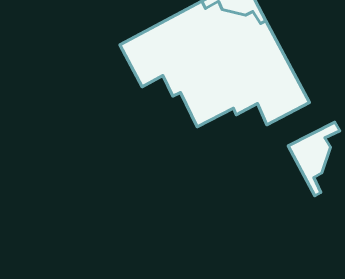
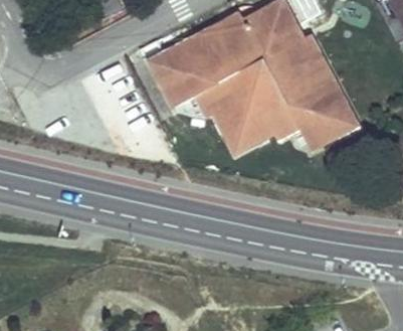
building: [288,122,340,196] -> none

